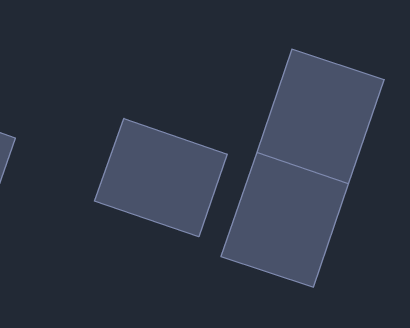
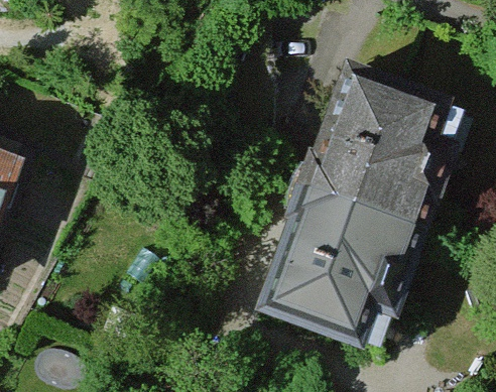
building: [94,118,227,237] -> none

